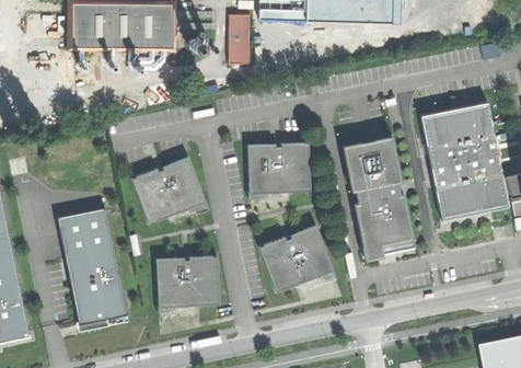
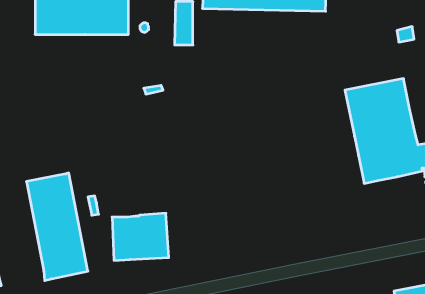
building: [340,135,414,262] -> none
building: [247,143,309,192] -> none
building: [130,157,208,226] -> none
building: [257,225,333,292] -> none

